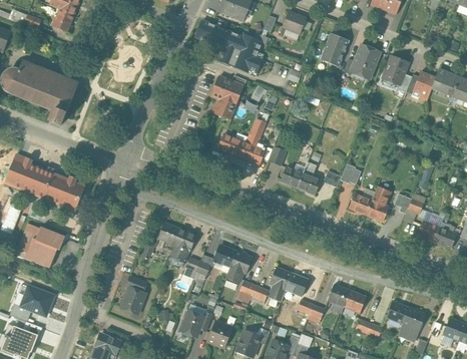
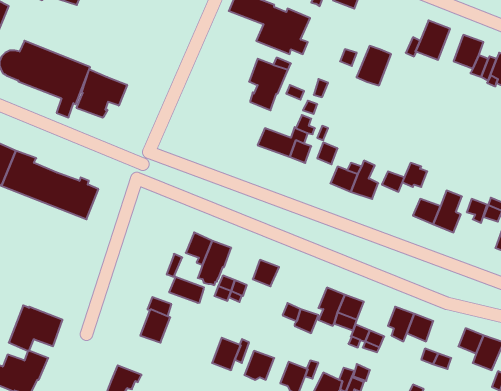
building: [320,33,349,66] -> [356,46,391,85]
building: none -> [77,70,127,118]
building: [17,223,65,268] -> none
building: [225,251,253,283] -> none
building: none -> [169,277,204,303]

